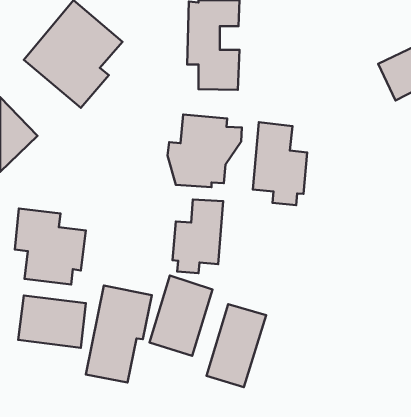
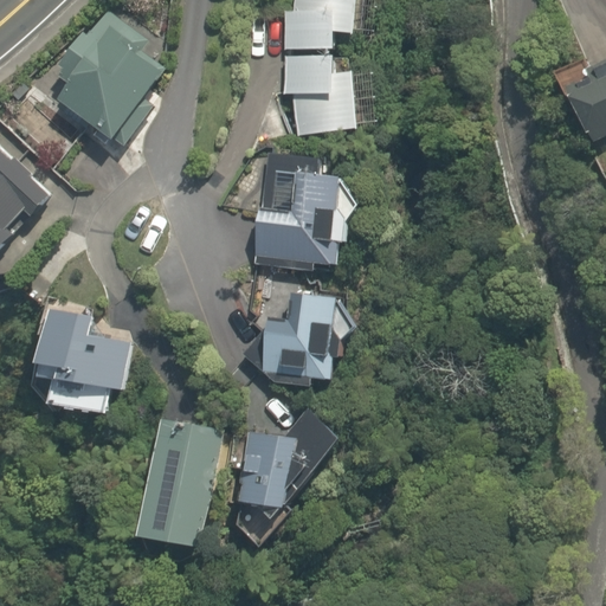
building: [253,122,307,205] -> none
building: [18,296,86,348] -> none
building: [206,304,266,387] -> none

